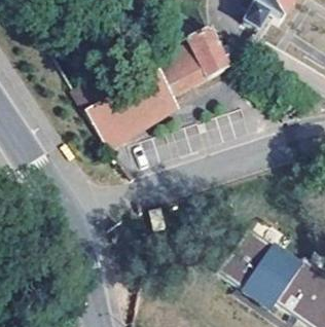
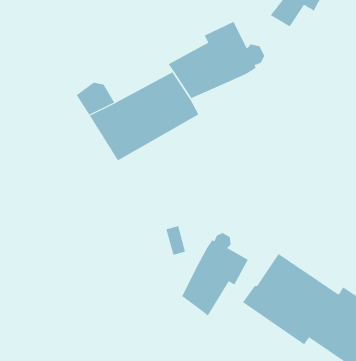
building: none -> [181,232,249,316]

